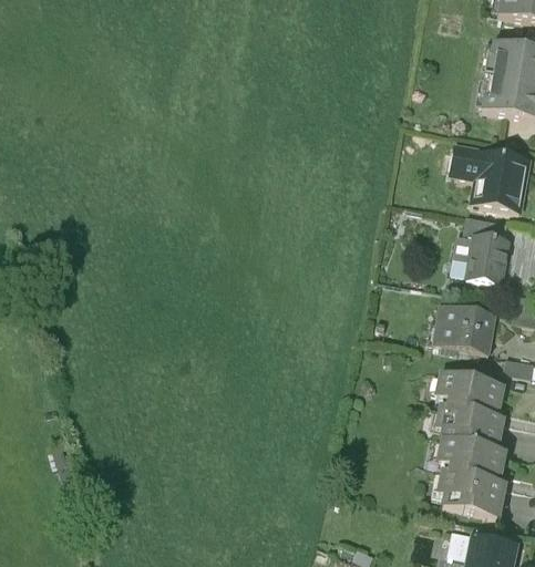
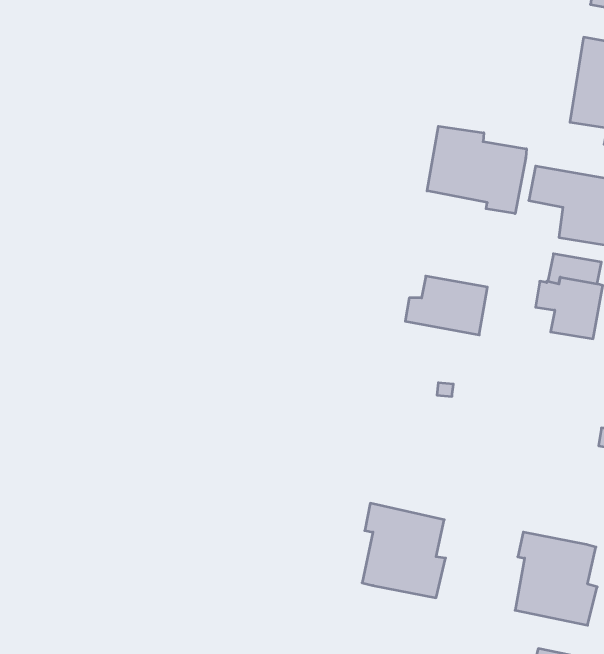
building: none -> [427,126,526,214]
building: [430,306,496,353] -> [405,276,487,335]
building: [436,373,504,450] -> [362,503,446,598]

